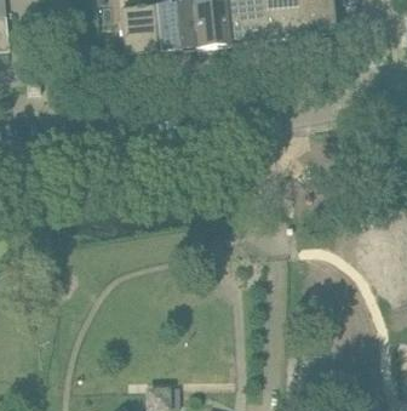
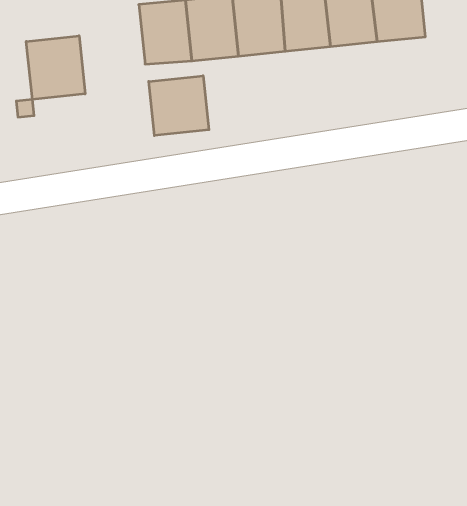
building: none -> [26,36,85,99]
building: none -> [149,76,209,136]

